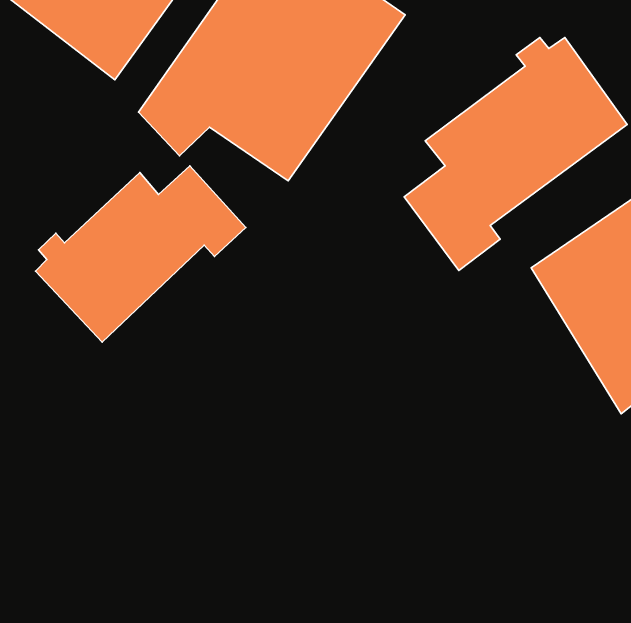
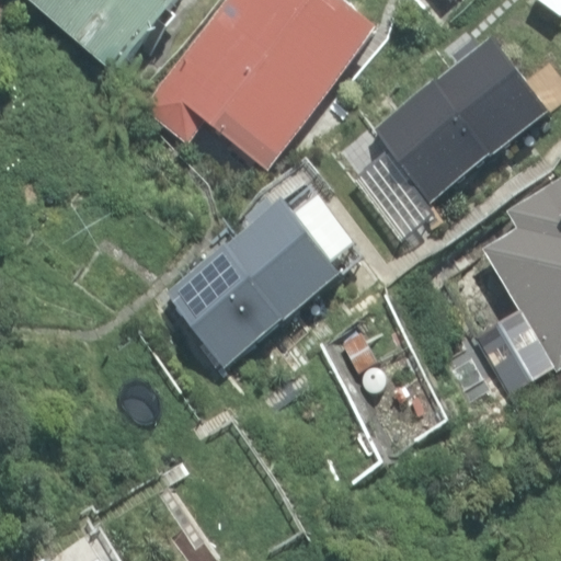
building: [35,166,246,342] -> none
building: none -> [172,196,346,363]

